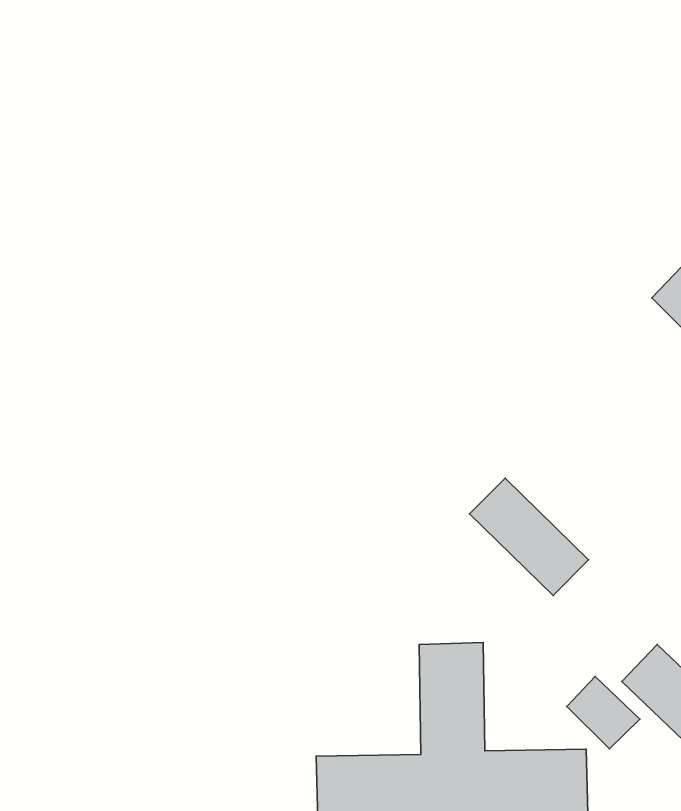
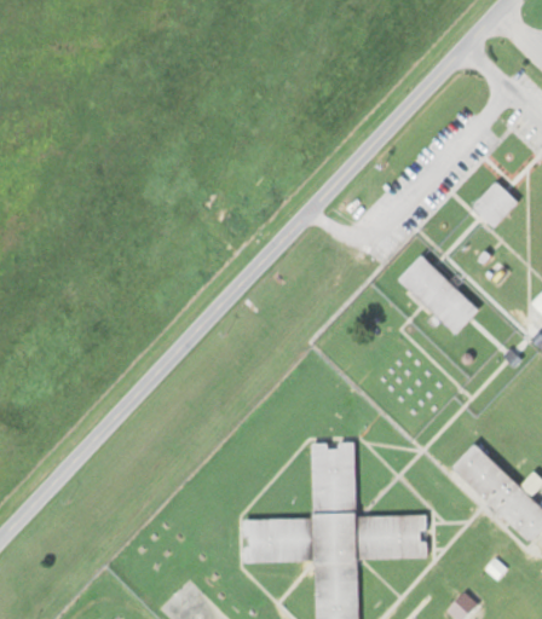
building: [470,478,589,595] -> [398,255,479,335]
building: [567,677,640,749] -> none

